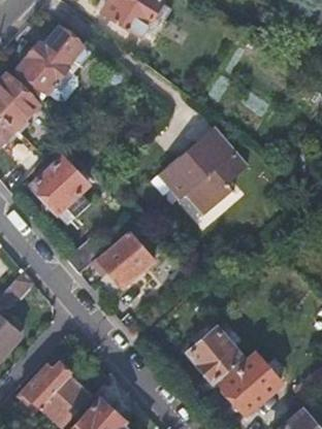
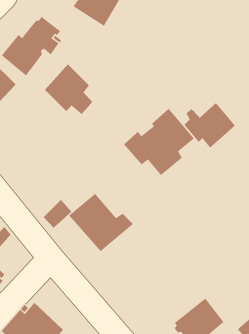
building: none -> [183,102,236,149]
building: [35,159,93,220] -> [44,64,93,115]
building: [187,329,239,382] -> none

